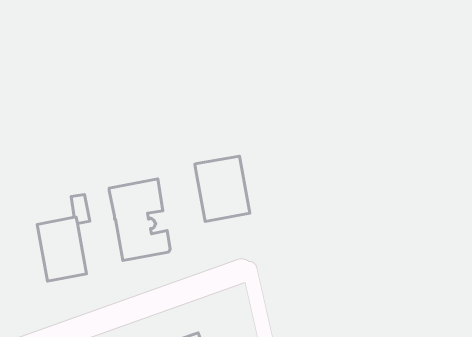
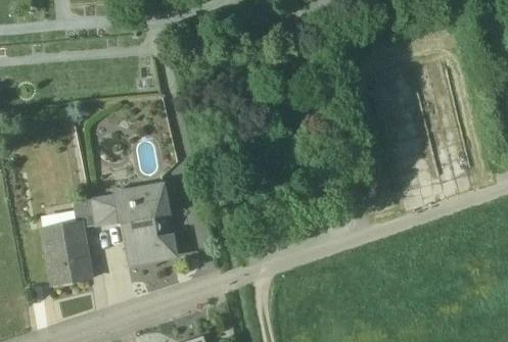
building: [195,156,250,221] -> none
building: none -> [90,194,120,225]

